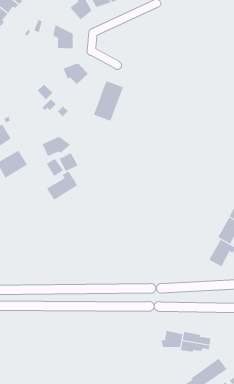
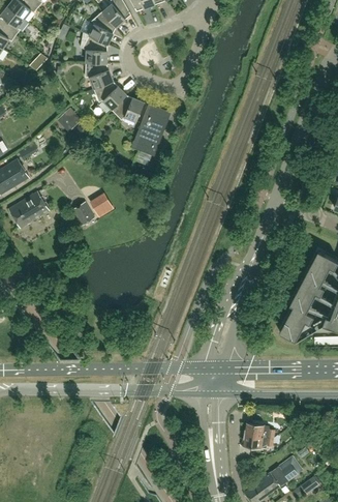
building: none -> [90,10,116,45]
building: none -> [86,61,114,88]
building: none -> [111,95,145,121]
building: [42,136,71,157] -> none
building: [46,170,80,201] -> none
building: [161,330,183,348] -> none

